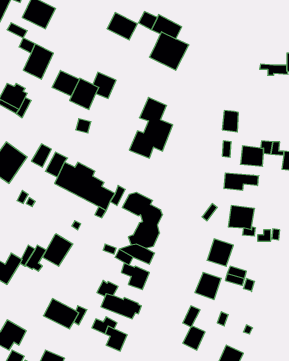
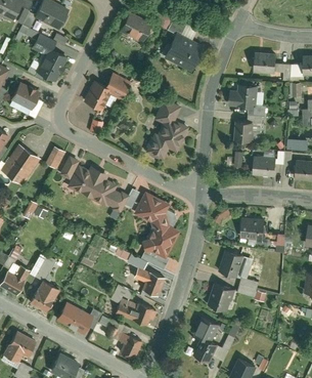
building: none -> [253,52,276,74]
building: [52,70,79,96] -> none
building: none -> [232,79,260,101]
building: [224,173,259,190] -> none
building: [43,234,73,266] -> [32,275,62,307]

